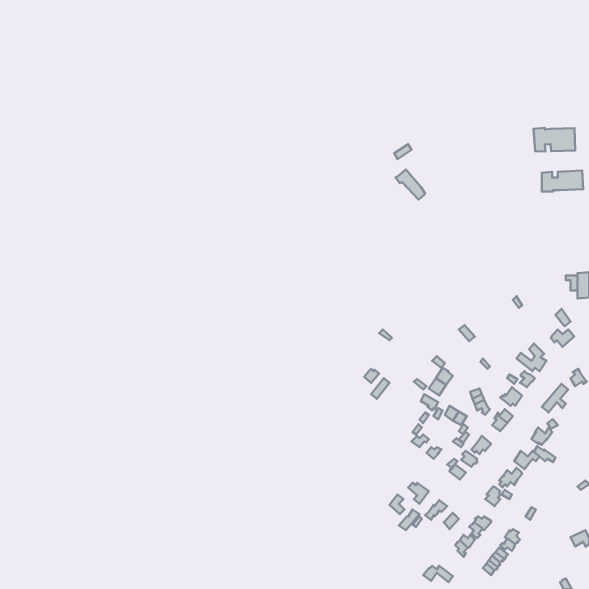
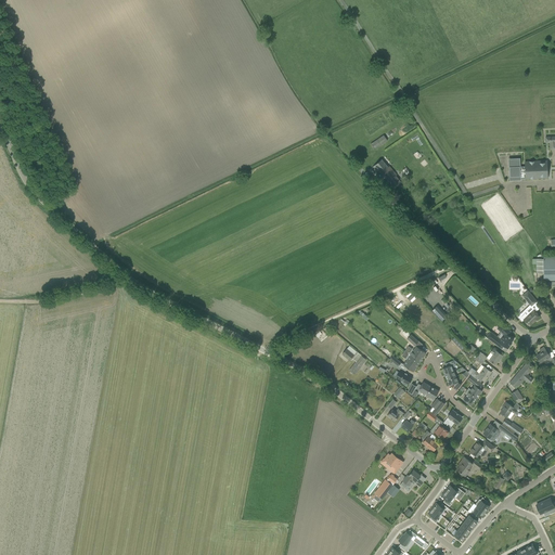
building: [534,128,575,152] -> none

